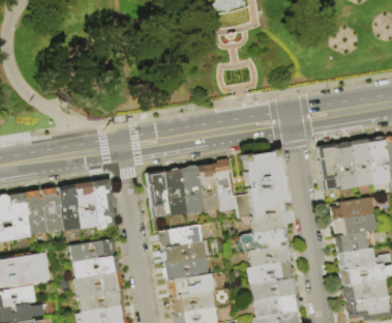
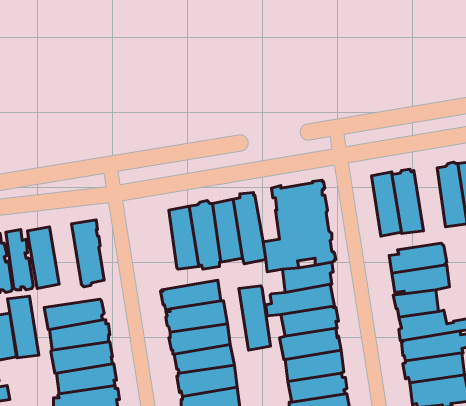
building: [350,138,373,187] -> none
building: [147,170,171,218] -> [239,286,270,350]
building: [74,182,98,229] -> [7,296,39,358]

